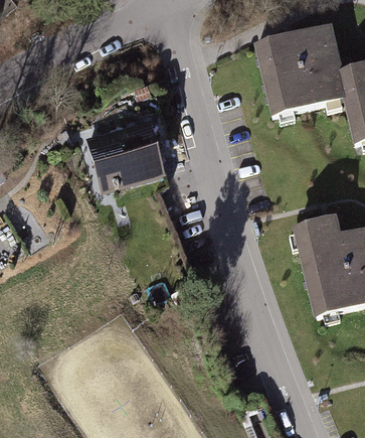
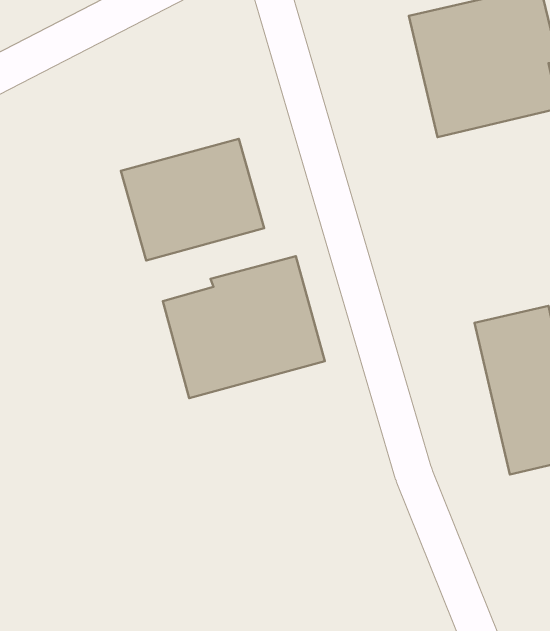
building: none -> [163,256,325,398]

